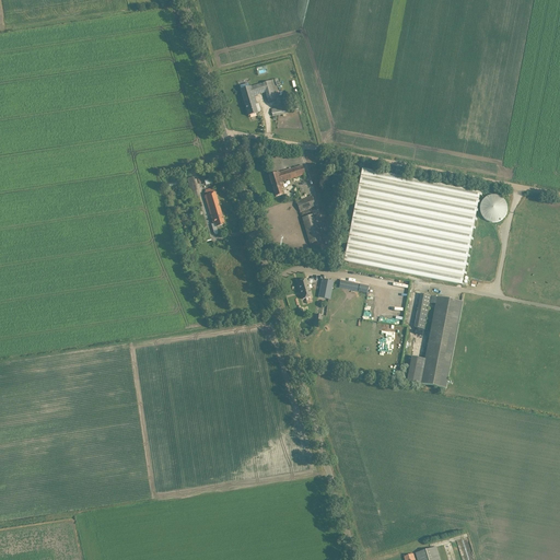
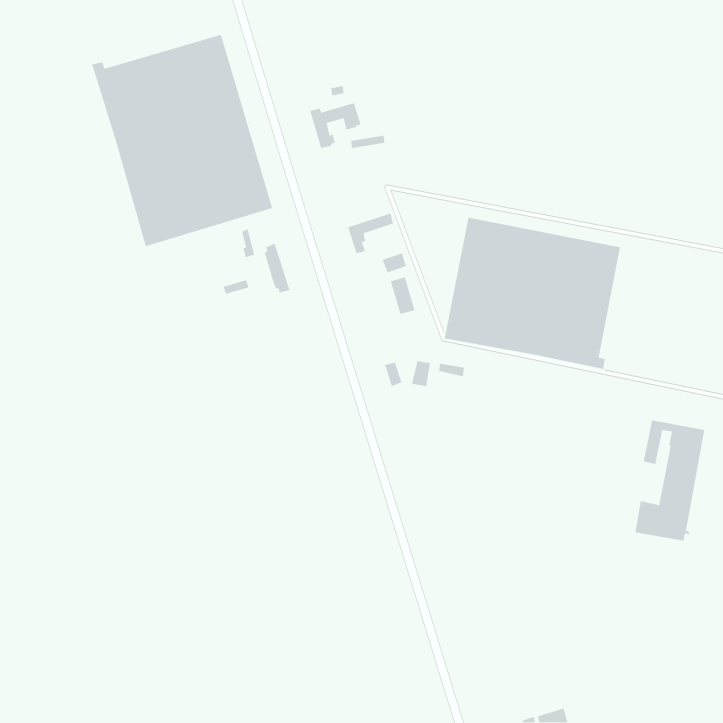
building: none -> [91,34,273,247]
building: [480,198,504,221] -> none
building: [407,293,462,387] -> [634,419,705,541]

